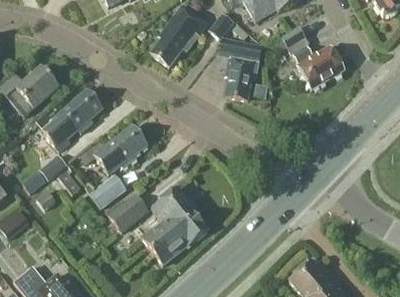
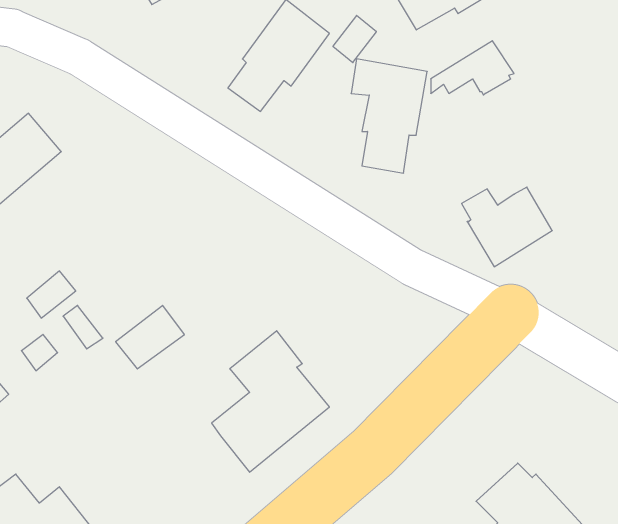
building: [293,46,344,90] -> [462,187,552,267]
building: [41,89,103,151] -> none
building: [82,125,147,174] -> none
building: [108,193,149,232] -> none

